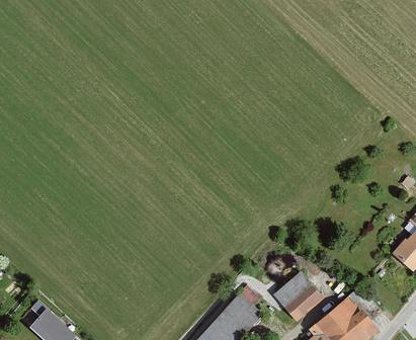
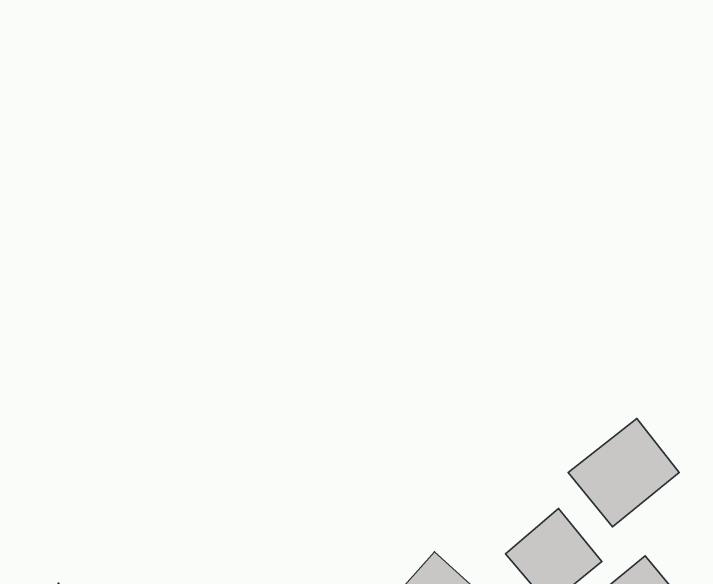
building: none -> [568,418,679,527]

